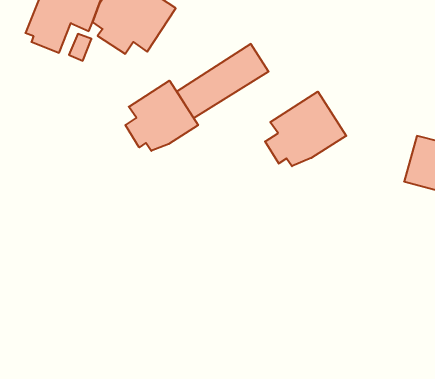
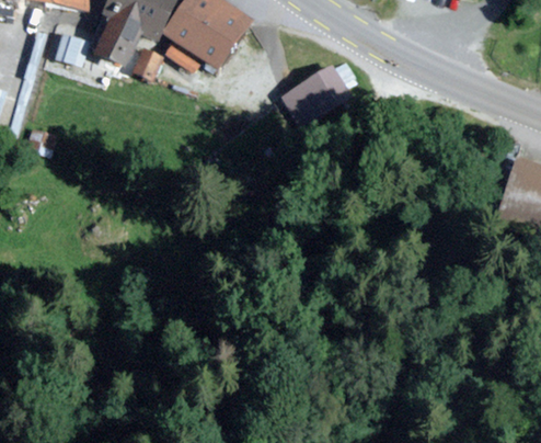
building: [125,81,198,151] -> none
building: [265,92,346,166] -> none

